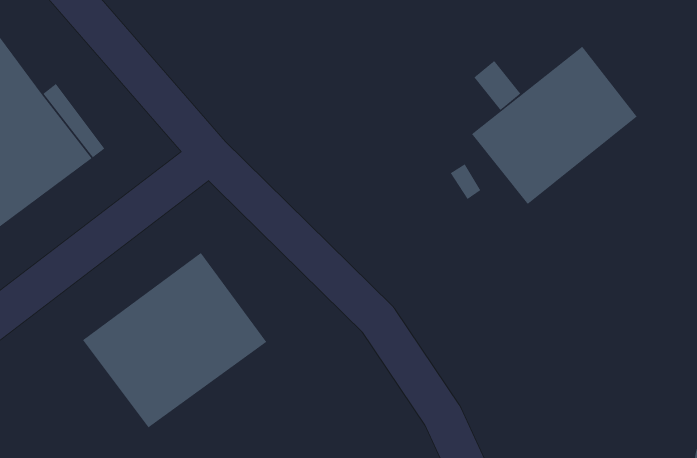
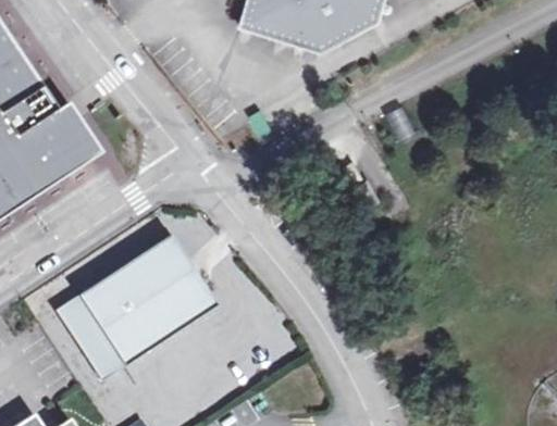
building: [471,46,638,205] -> none
building: none -> [55,295,123,377]

